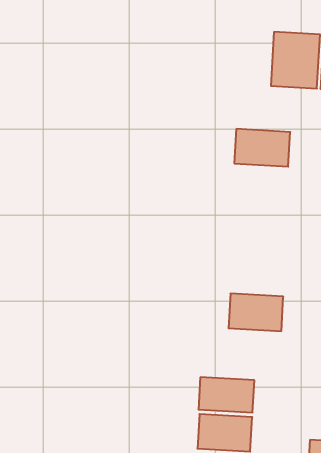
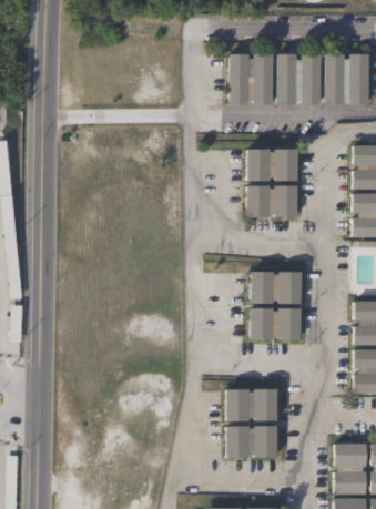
building: none -> [228,53,273,104]
building: none -> [246,185,297,218]
building: none -> [250,271,301,304]

